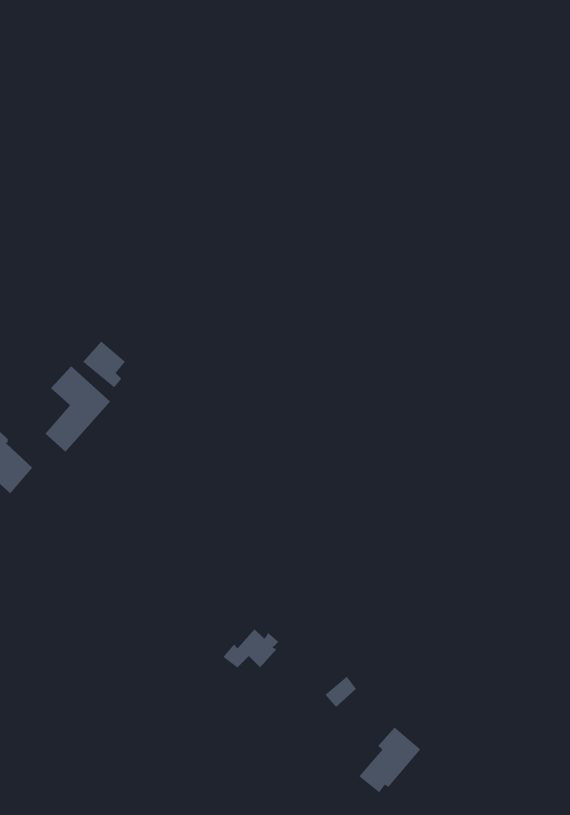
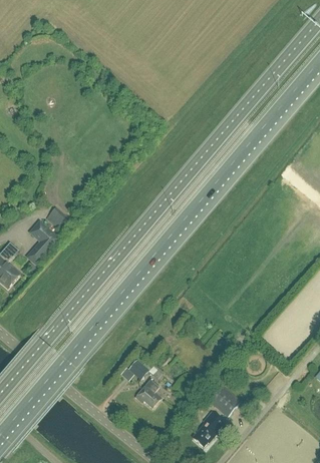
building: none -> [135,378,159,407]
building: none -> [208,384,241,416]

